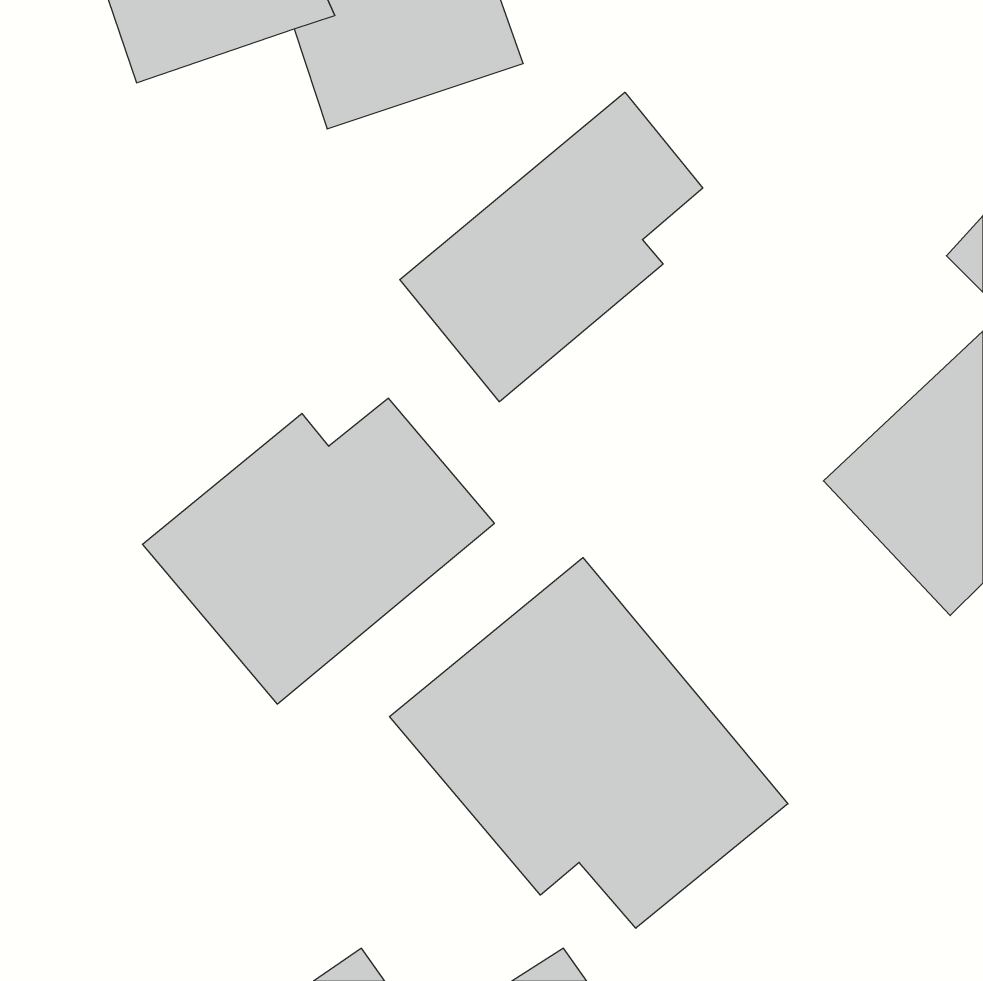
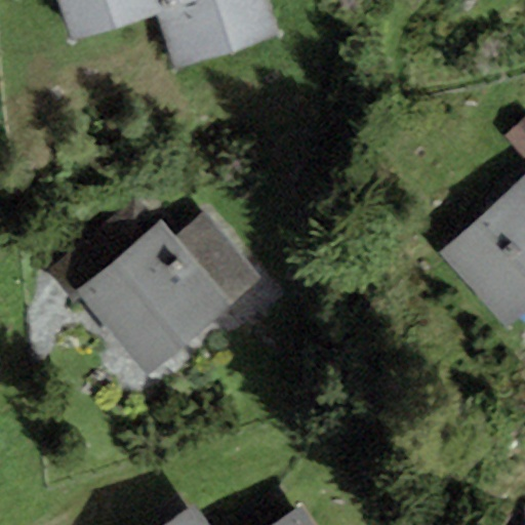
building: [400,92,703,402] -> none
building: [389,558,788,928] -> none

